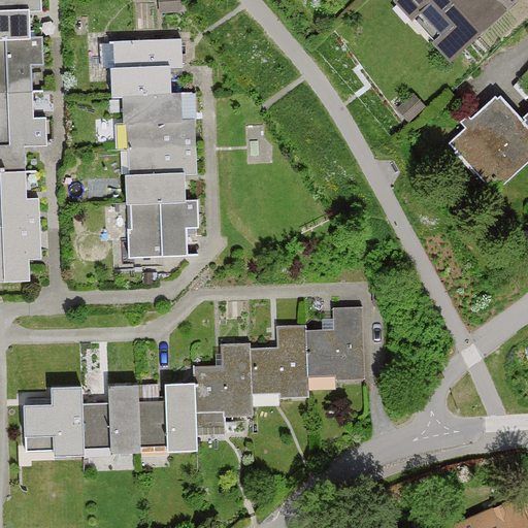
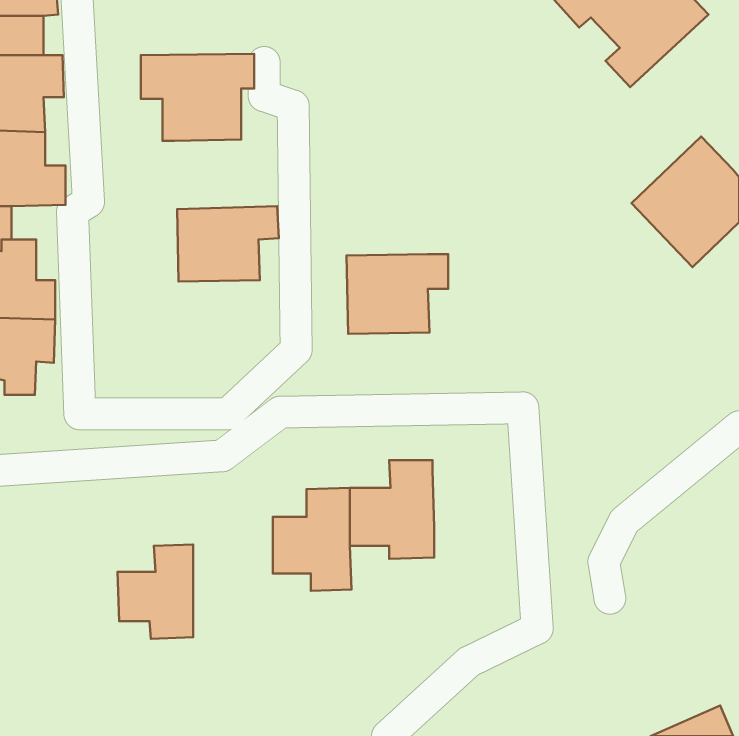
building: [124,99,197,148] -> none
building: [127,199,199,256] -> [347,254,448,334]
building: [307,308,364,383] -> none
building: [137,385,194,453] -> none
building: [25,390,85,455] -> none

